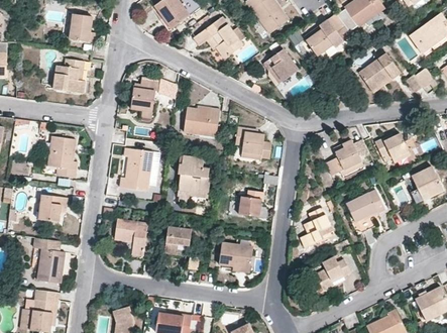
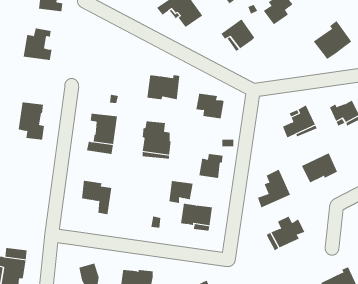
building: [131,77,158,112] -> none
building: [39,195,67,221] -> none
building: [165,226,192,250] -> [168,181,193,204]
building: [34,238,65,284] -> none

